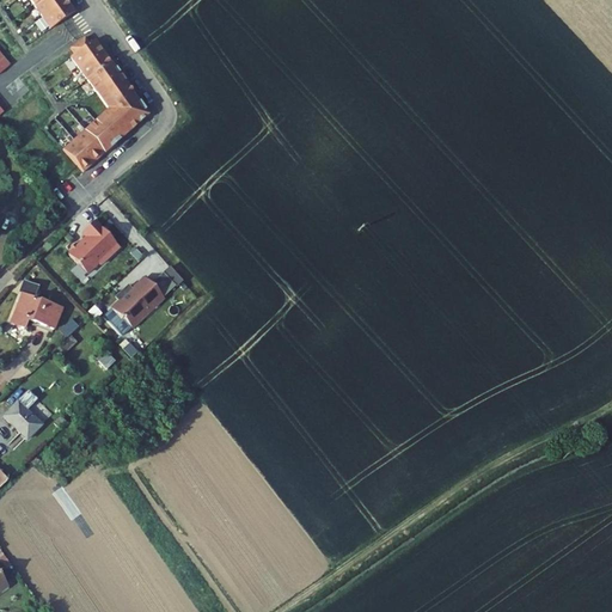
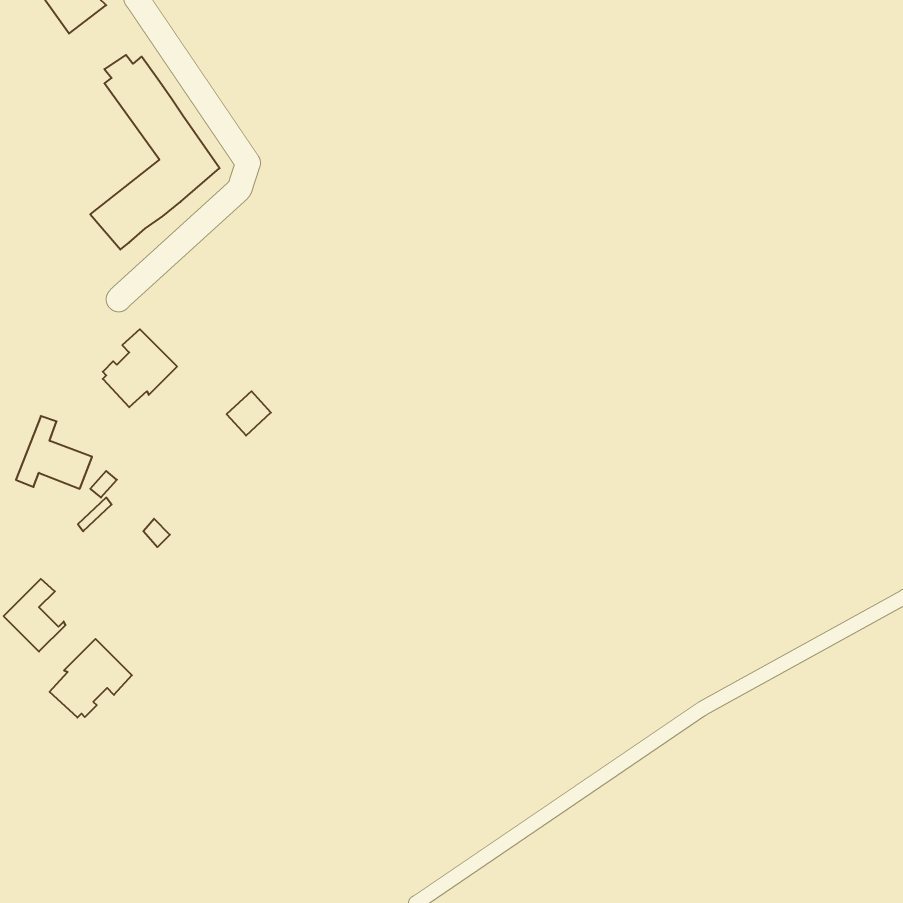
building: [104,268,159,320] -> none
building: none -> [50,639,132,718]

